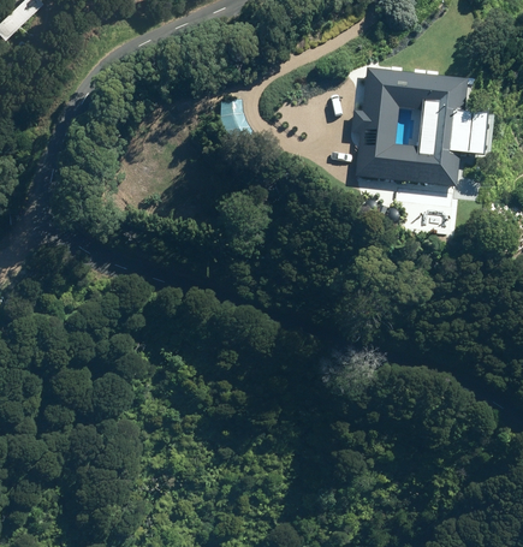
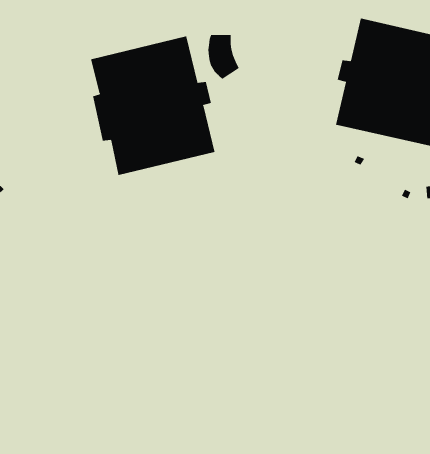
building: none -> [91,35,215,176]

